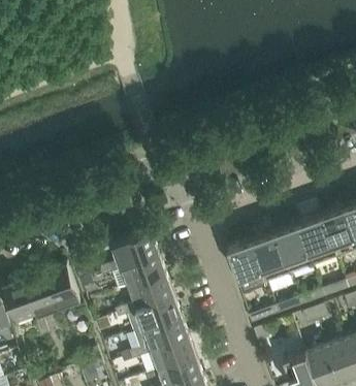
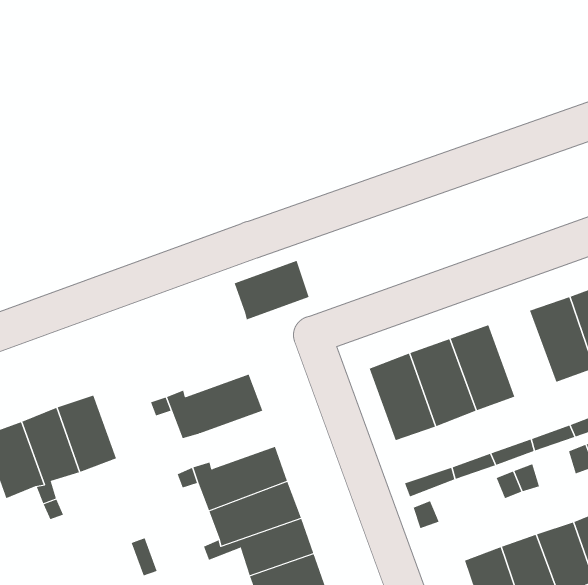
building: [297,214,336,264] -> none
building: [112,229,157,264] -> [234,260,310,320]
building: [128,272,172,307] -> none

